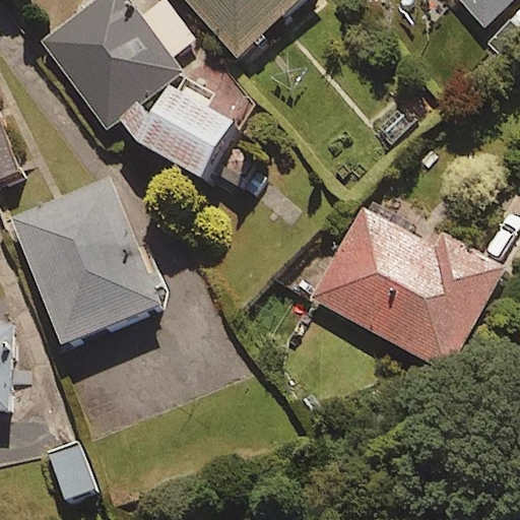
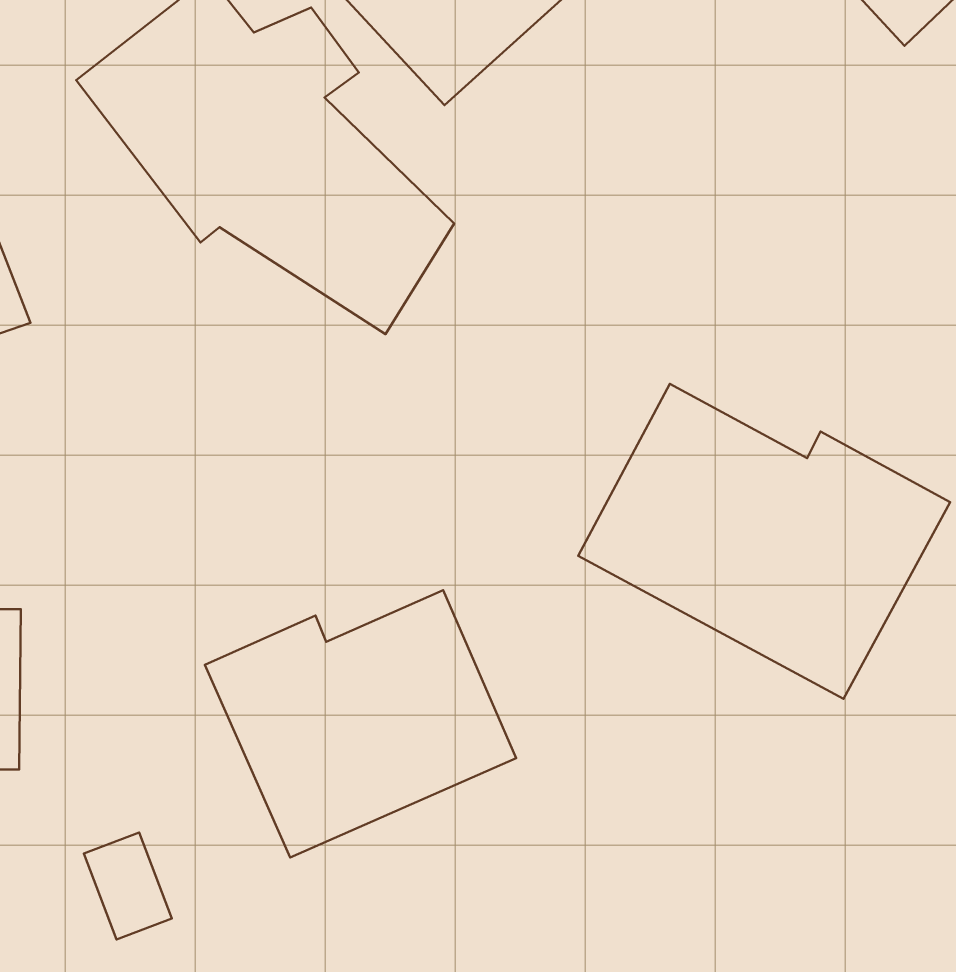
building: [10,177,161,343] -> none
building: none -> [205,590,516,857]

